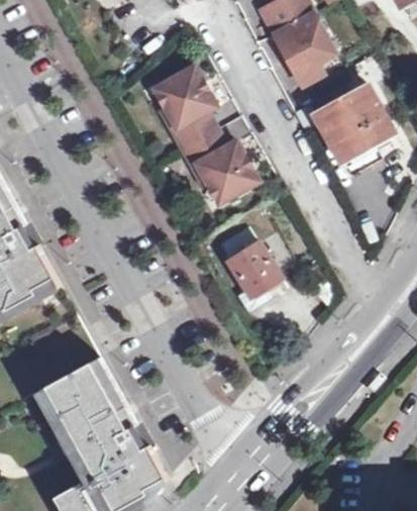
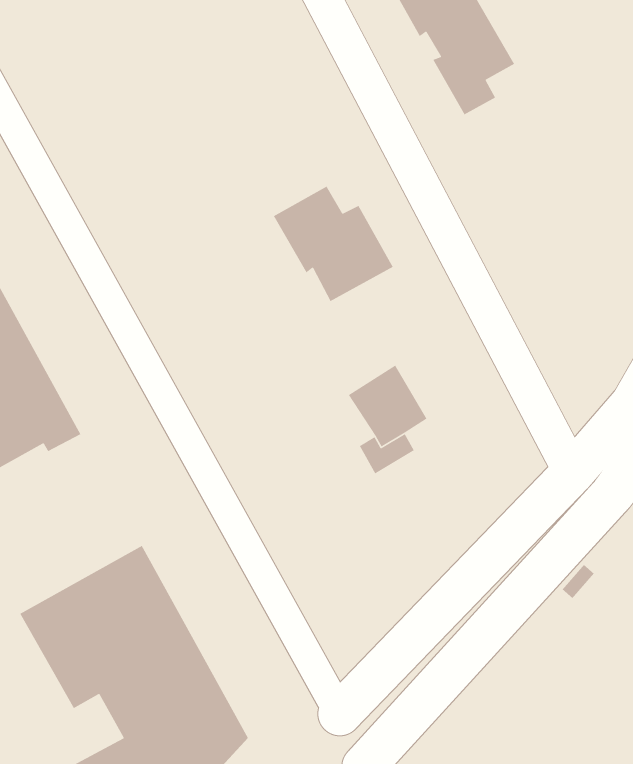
building: [153,67,214,148] -> none
building: [314,87,392,161] -> none

